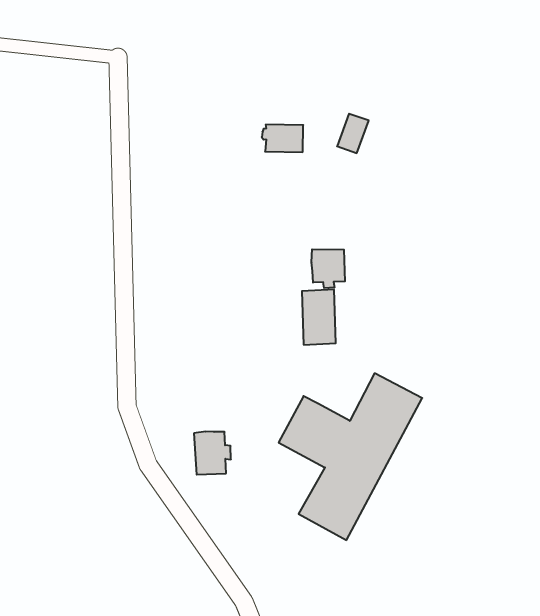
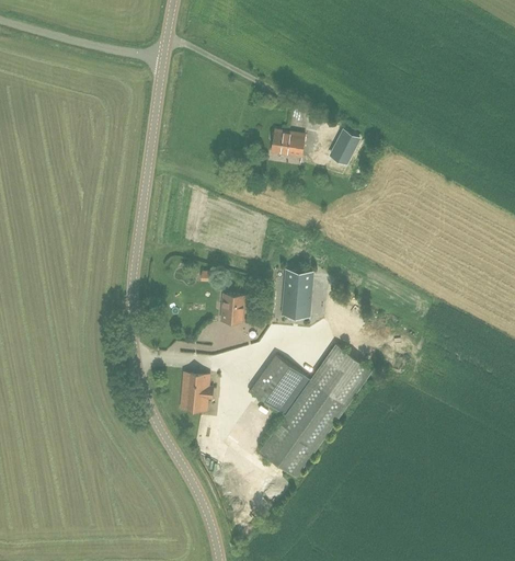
building: [312,249,345,288] -> none
building: none -> [221,295,244,323]

